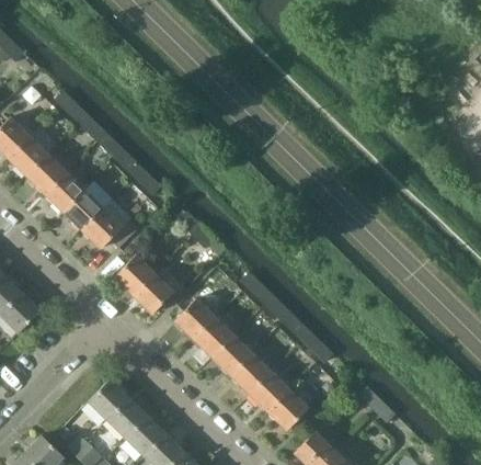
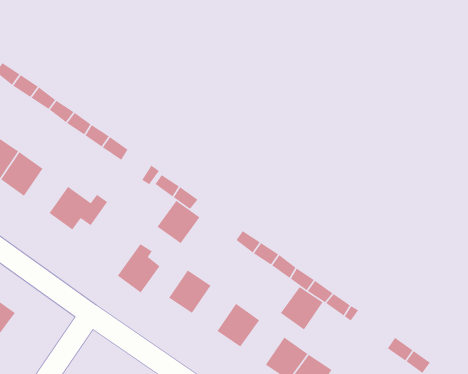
building: [65,191,104,230] -> none
building: [115,256,154,295] -> [157,200,200,244]
building: [194,317,233,358] -> none
building: [231,354,271,394] -> [280,286,323,331]

